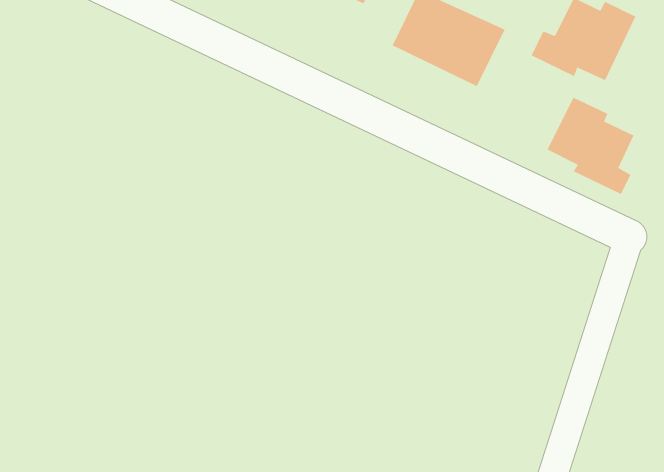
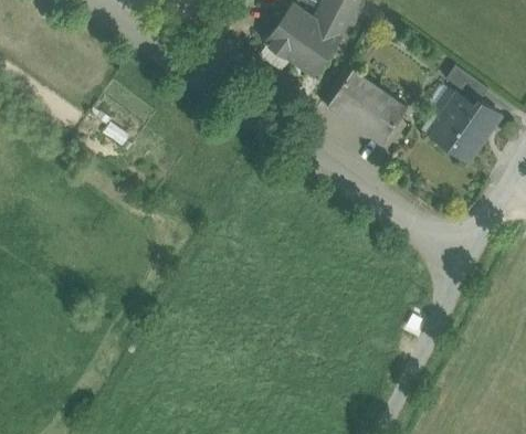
building: [547,97,634,195] -> none

